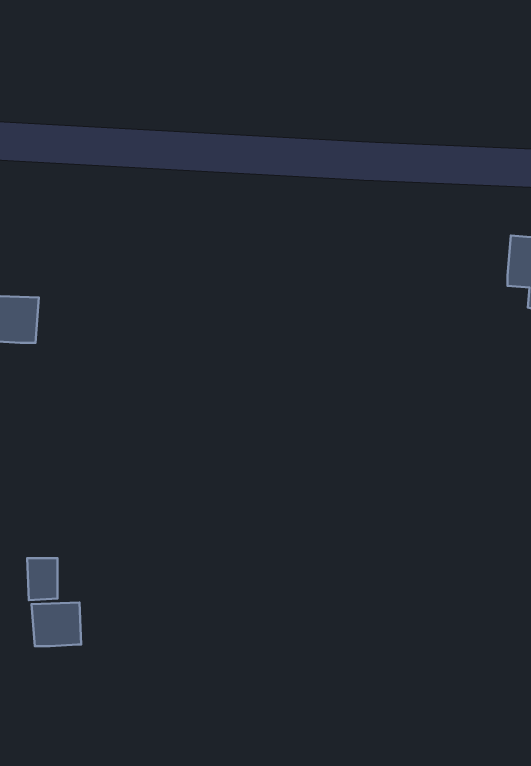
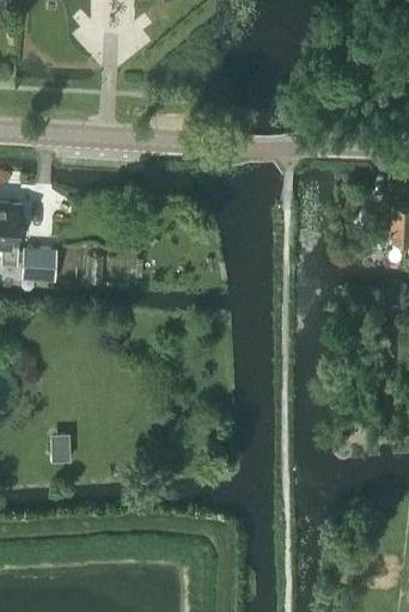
building: [32,602,81,646] -> none

